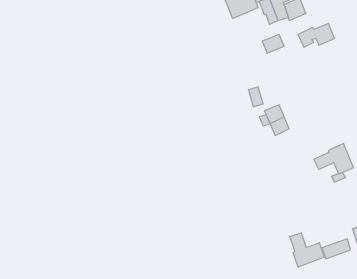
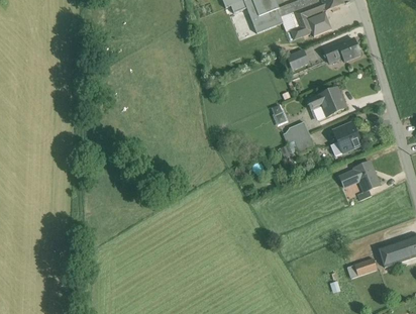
building: none -> [306,87,345,120]
building: none -> [332,123,361,152]
building: [290,233,324,267] -> none

